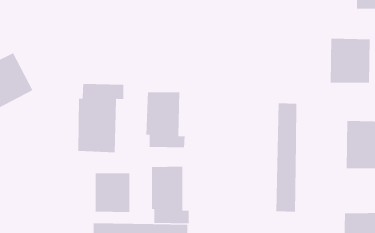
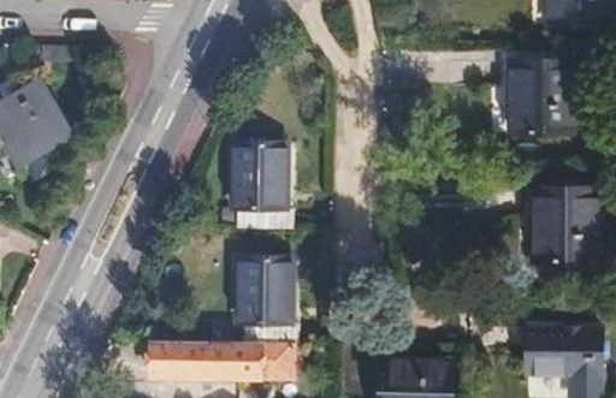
building: [78,83,124,153] -> none
building: [276,103,297,212] -> none
building: [95,172,130,213] -> none

